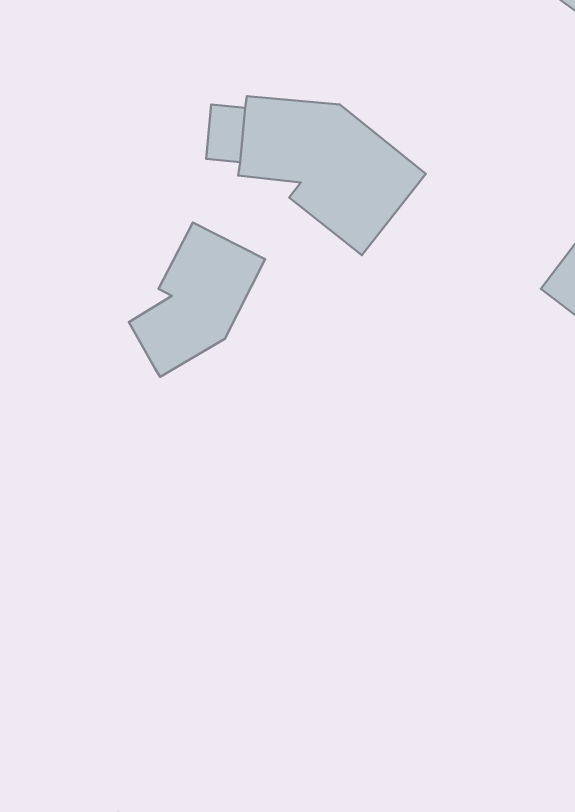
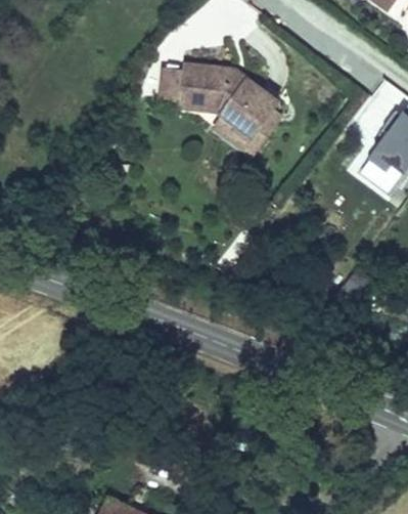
building: [129,222,265,377] -> none

